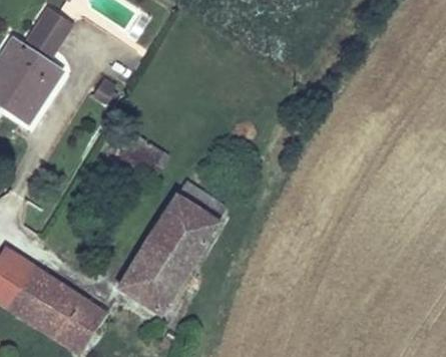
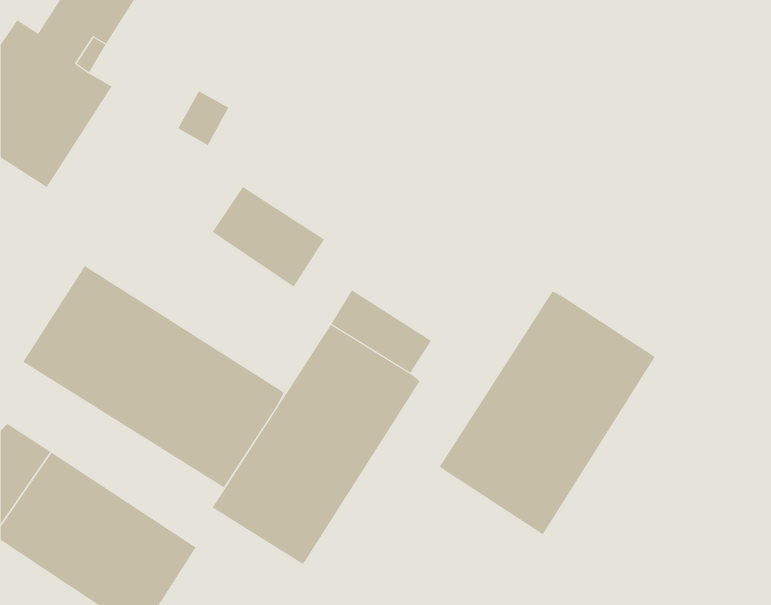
building: none -> [22,265,285,488]
building: none -> [439,291,655,535]

